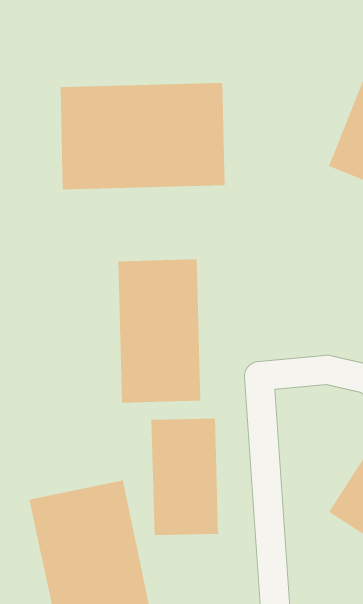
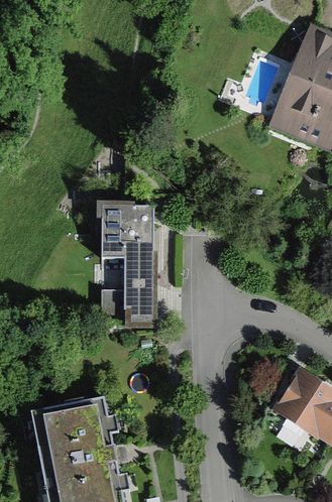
building: [60,82,225,190] -> none
building: [151,418,218,536] -> none

